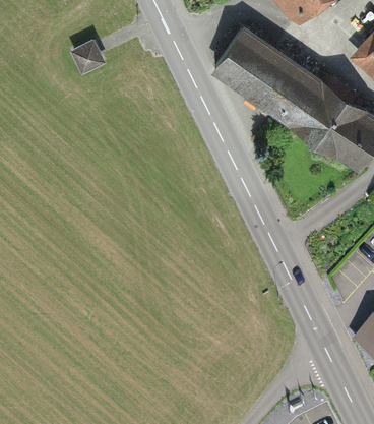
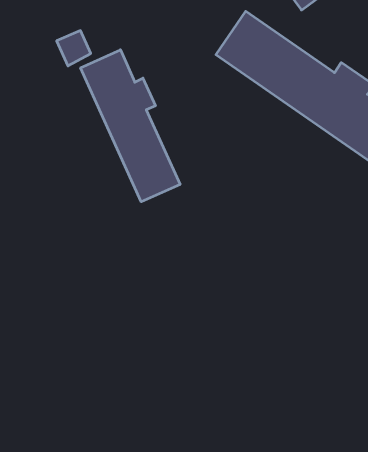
building: none -> [81,50,180,202]

